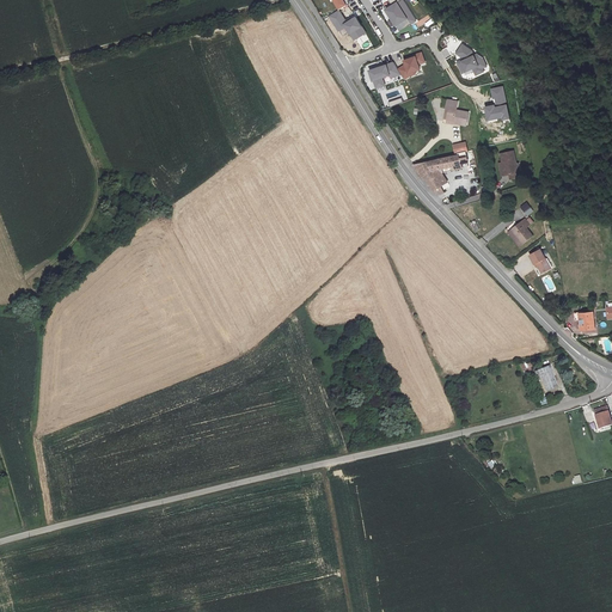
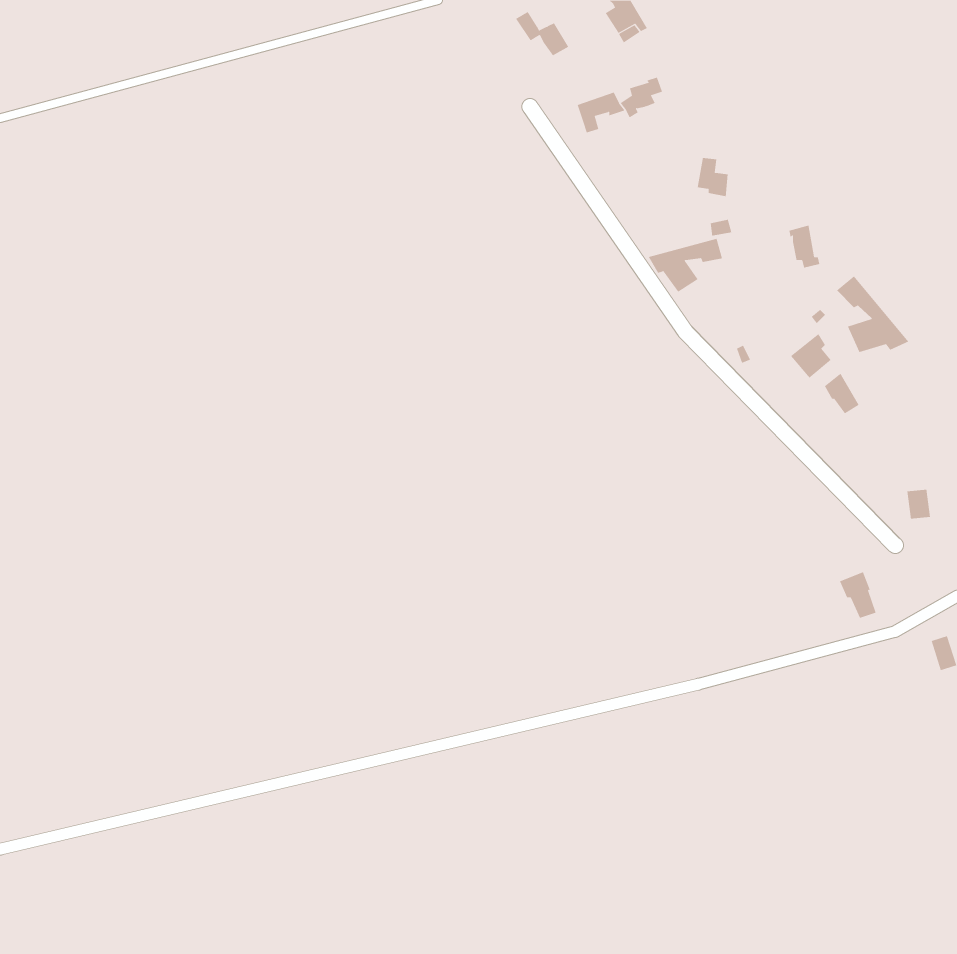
building: [457,47,488,78] -> none
building: [484,85,508,120] -> none
building: none -> [836,276,909,353]

